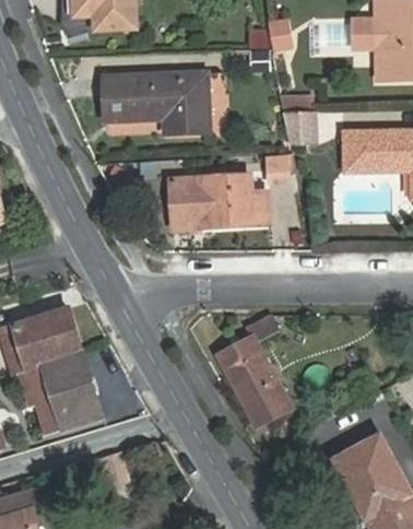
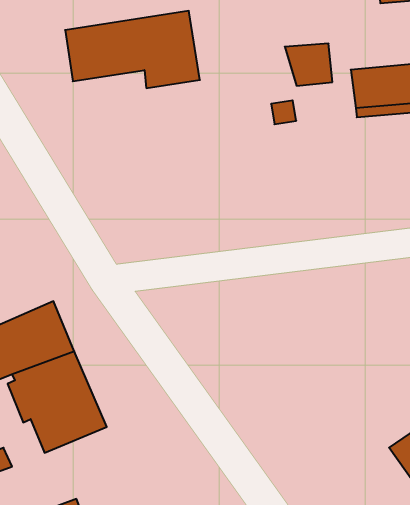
building: [148,175,269,227] -> none
building: [217,315,292,424] -> none

